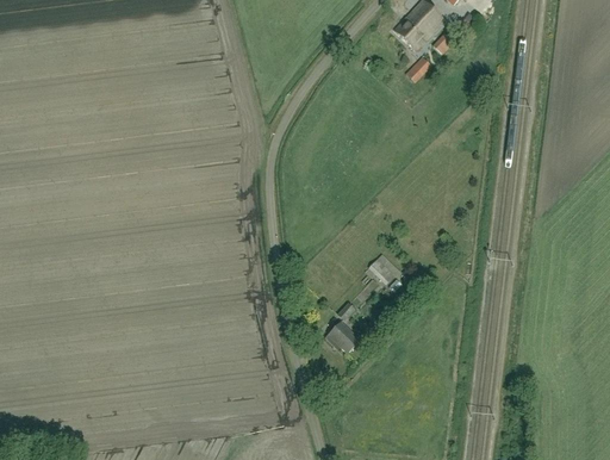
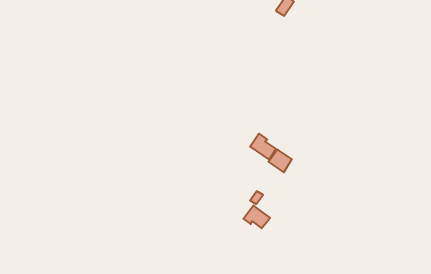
building: none -> [250,134,276,160]

